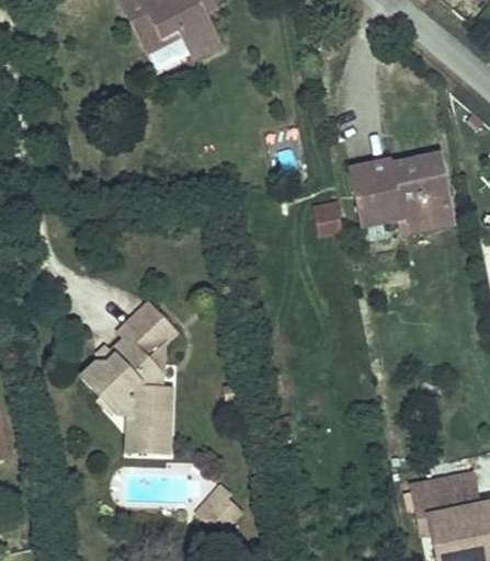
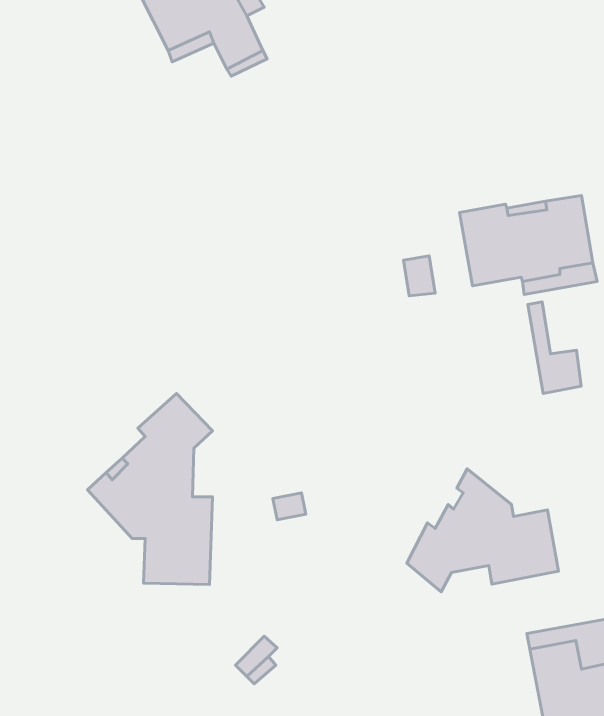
building: none -> [528,302,581,393]
building: none -> [407,469,559,592]

